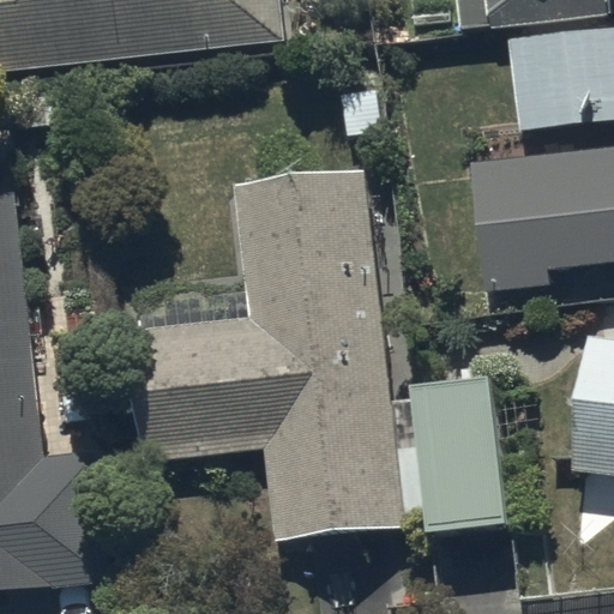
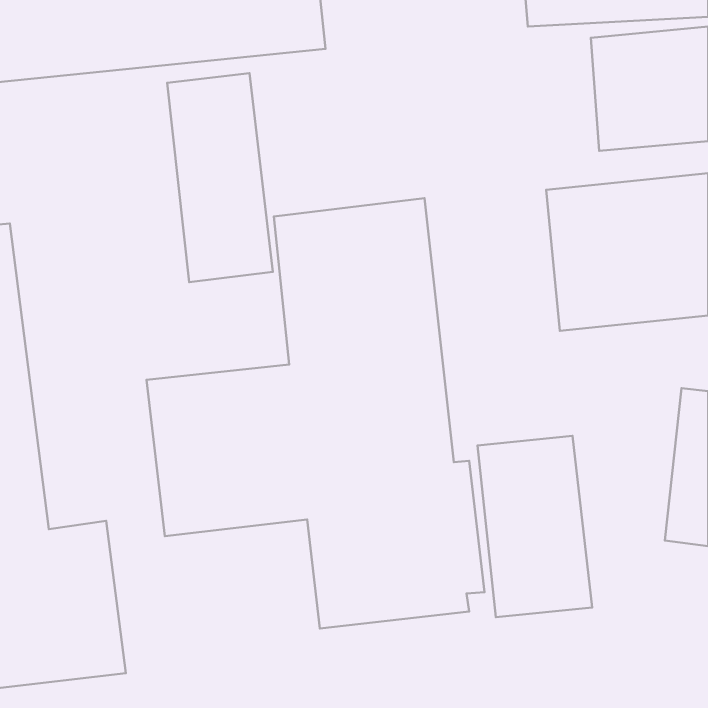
building: none -> [167,73,273,282]

